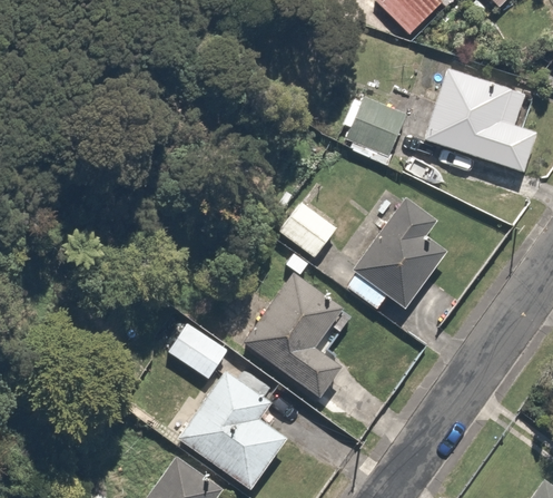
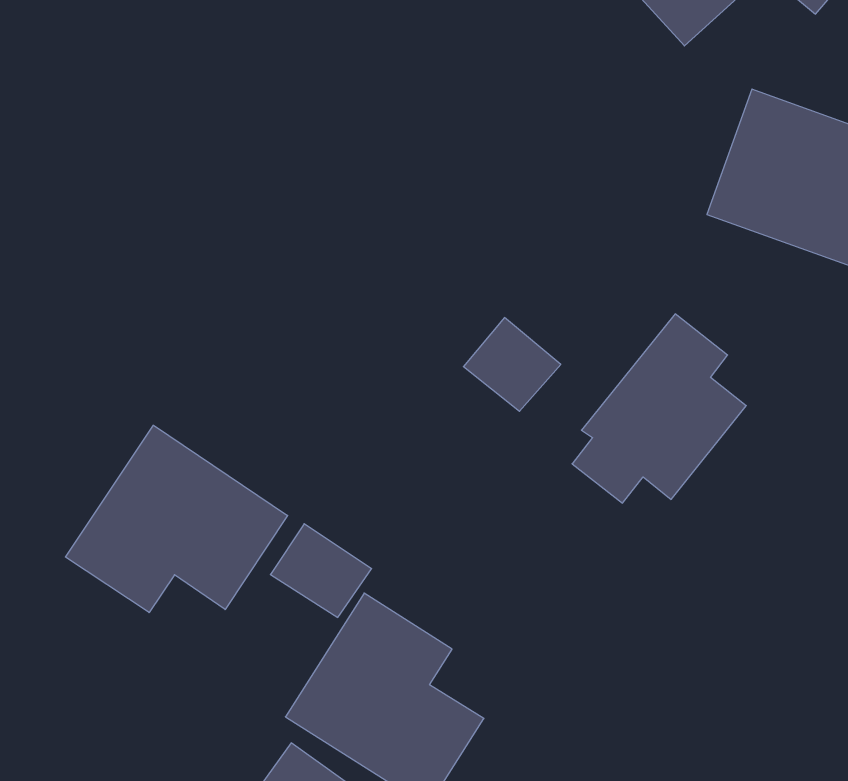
building: [347,92,416,158] -> none
building: none -> [65,425,288,613]
building: [243,271,348,396] -> none

